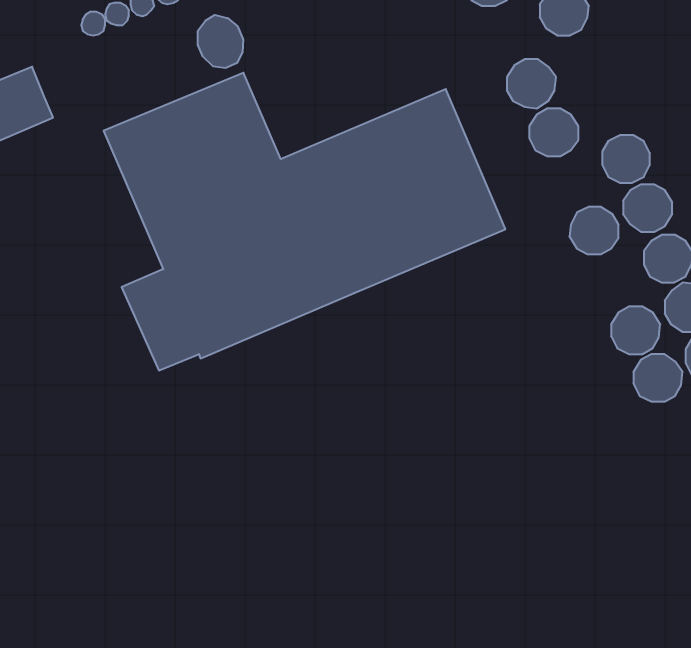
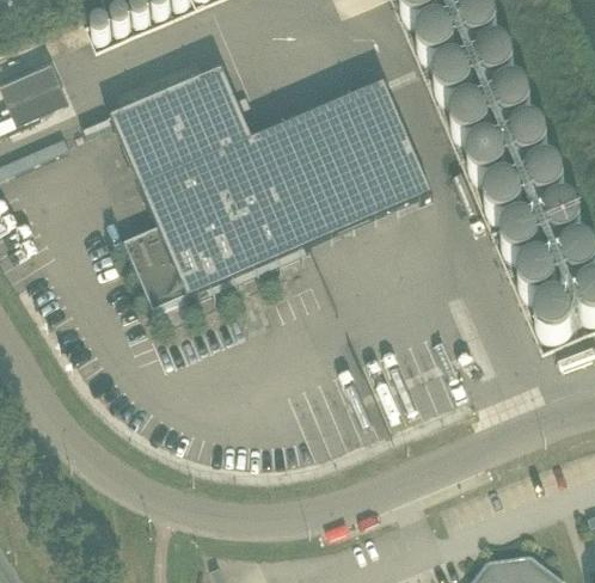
building: none -> [416,14,455,53]
building: [198,15,243,68] -> none
building: none -> [476,36,514,74]
building: none -> [493,75,532,113]
building: none -> [466,133,504,171]
building: none -> [499,213,539,252]

